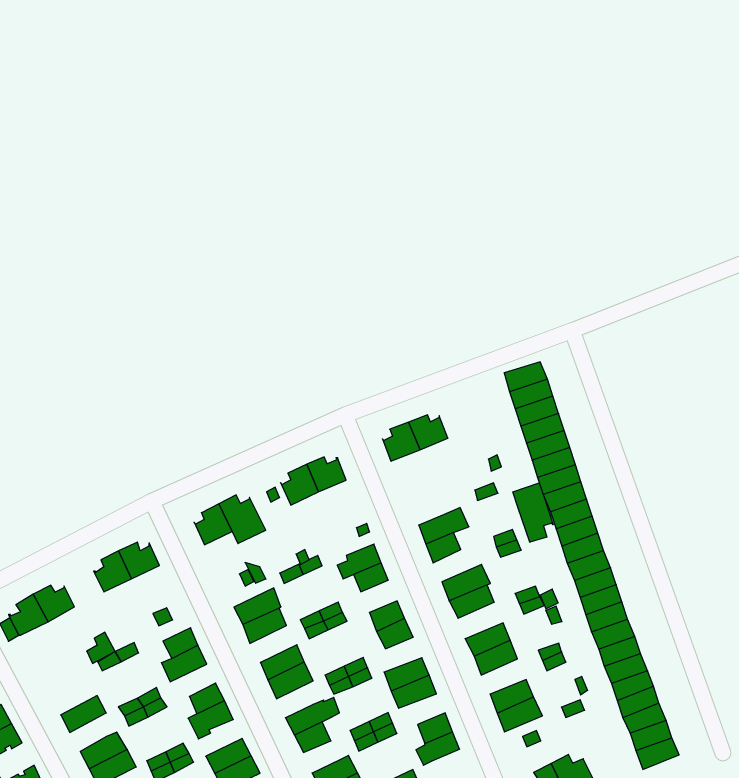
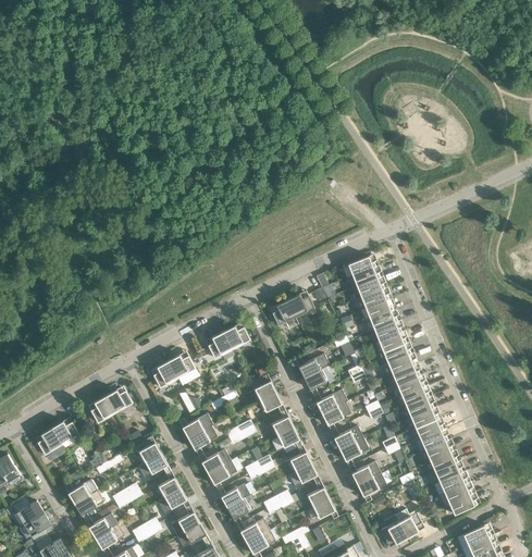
building: [513,483,553,542] -> none
building: none -> [64,480,97,505]

